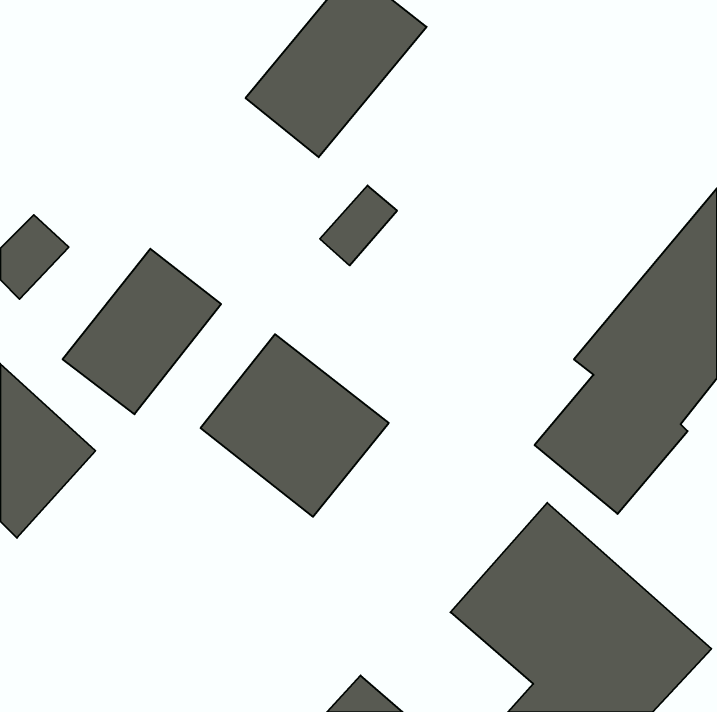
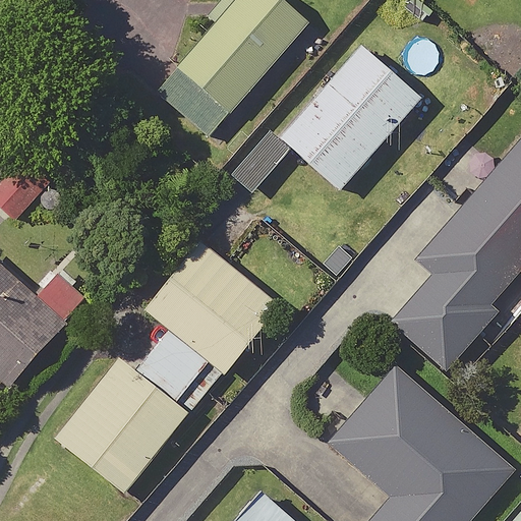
building: none -> [280,46,424,192]
building: [63,249,221,414] -> none
building: none -> [55,357,189,494]

